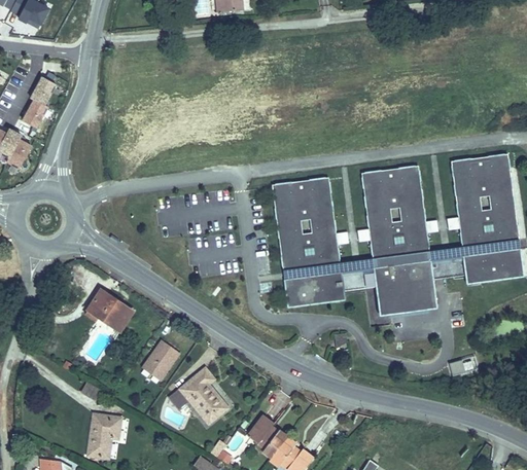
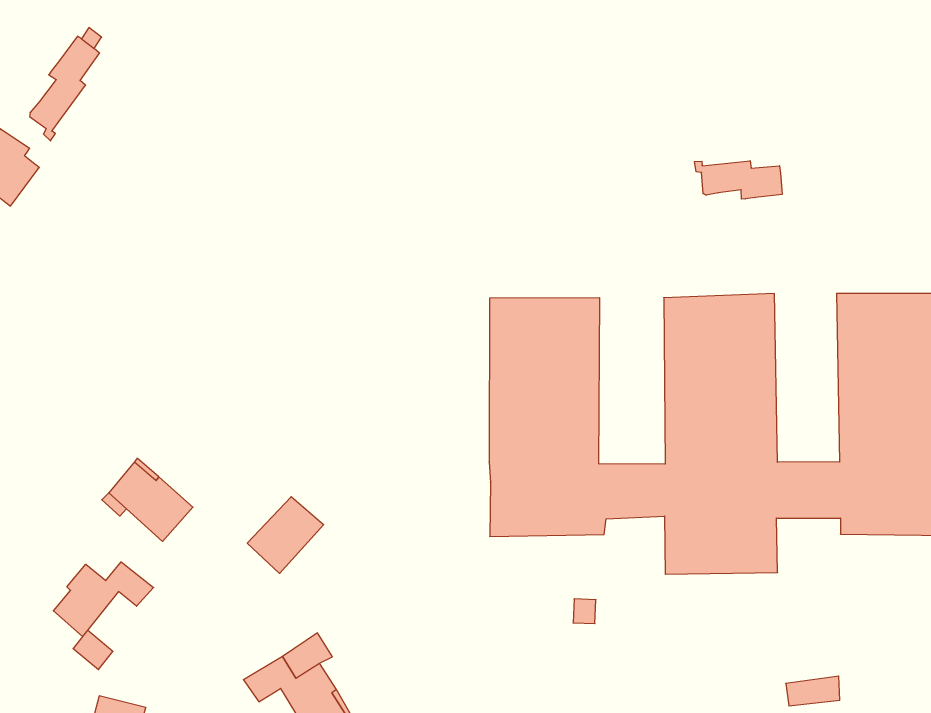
building: none -> [694,161,782,199]
building: [142,340,180,381] -> [247,497,324,573]
building: none -> [53,562,154,637]

